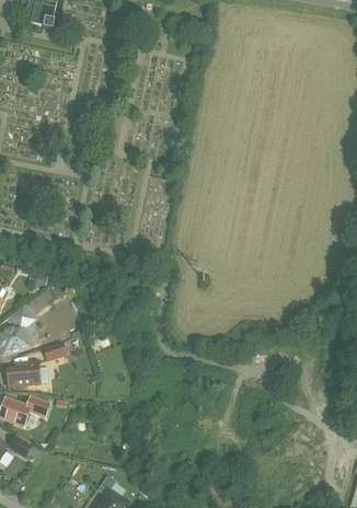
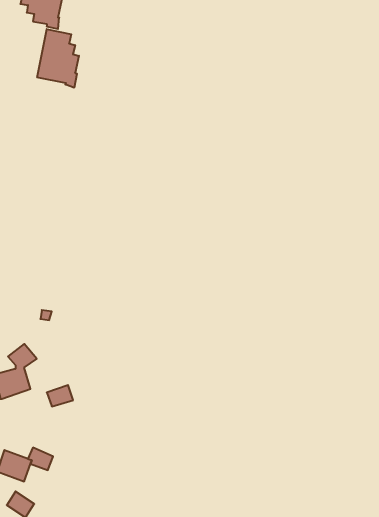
building: none -> [37,29,79,88]
building: [8,360,41,384] -> none

